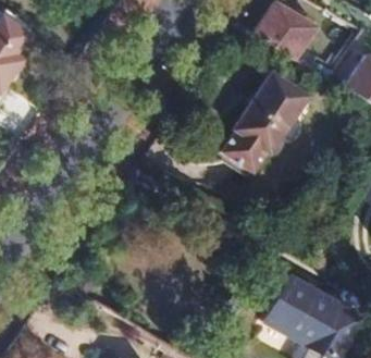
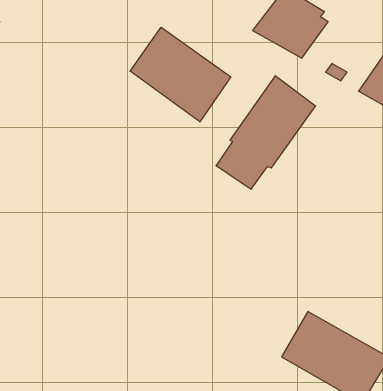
building: none -> [130,27,231,122]

